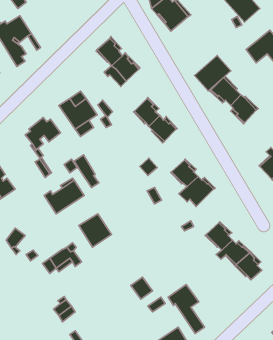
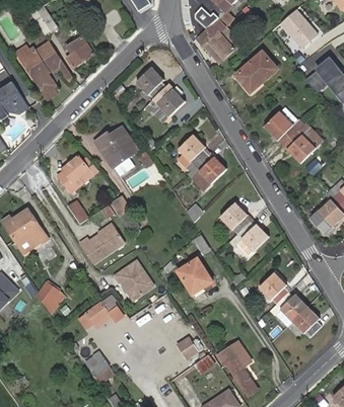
building: none -> [67,36,92,68]
building: [195,56,231,91] -> [235,52,276,91]
building: none -> [176,259,211,295]

